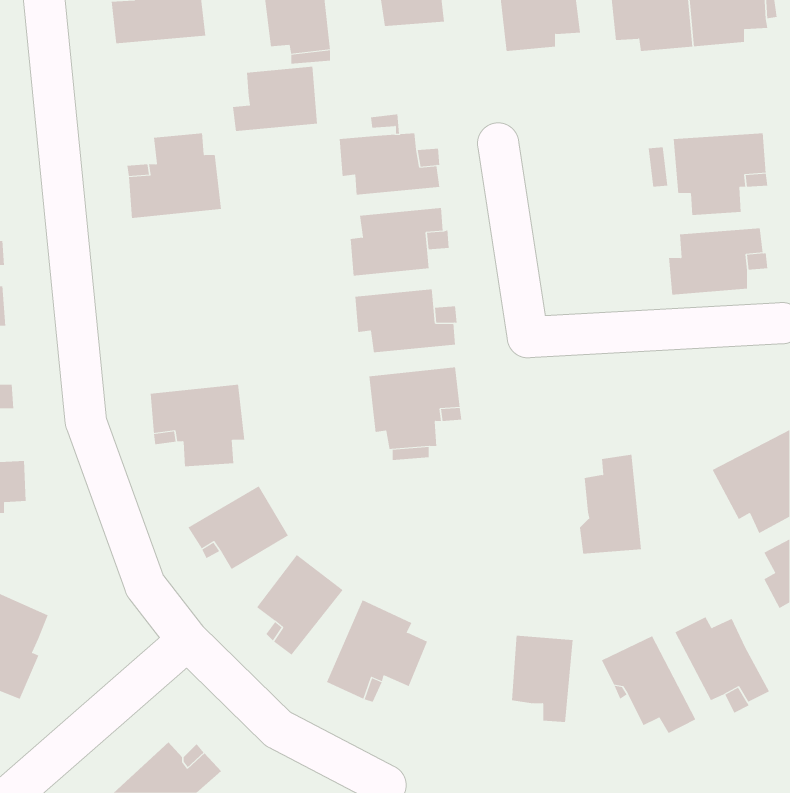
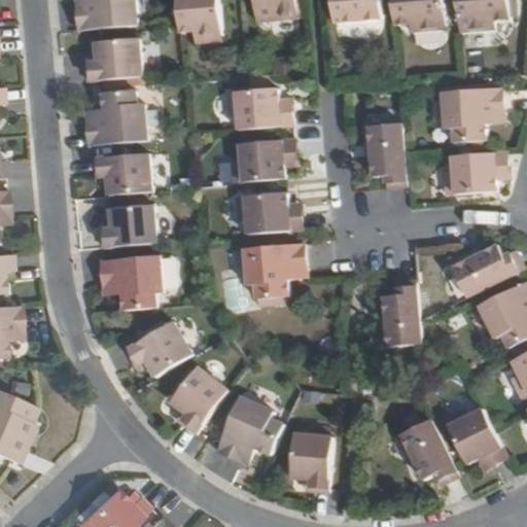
building: [232,66,318,132] -> [83,36,140,79]
building: none -> [360,121,406,187]
building: none -> [92,151,150,194]
building: none -> [99,203,155,246]
building: none -> [441,248,515,301]
building: [511,635,574,722] -> [289,432,330,490]

